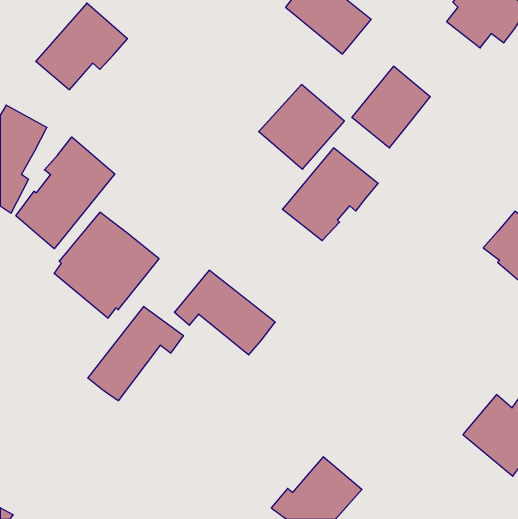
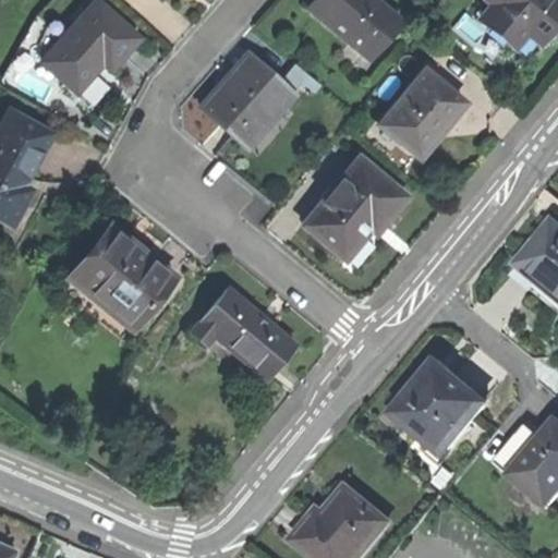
building: [259,85,344,169] -> [208,48,300,138]
building: [16,137,115,249] -> none
building: [88,306,183,401] -> none
building: none -> [393,363,488,457]

